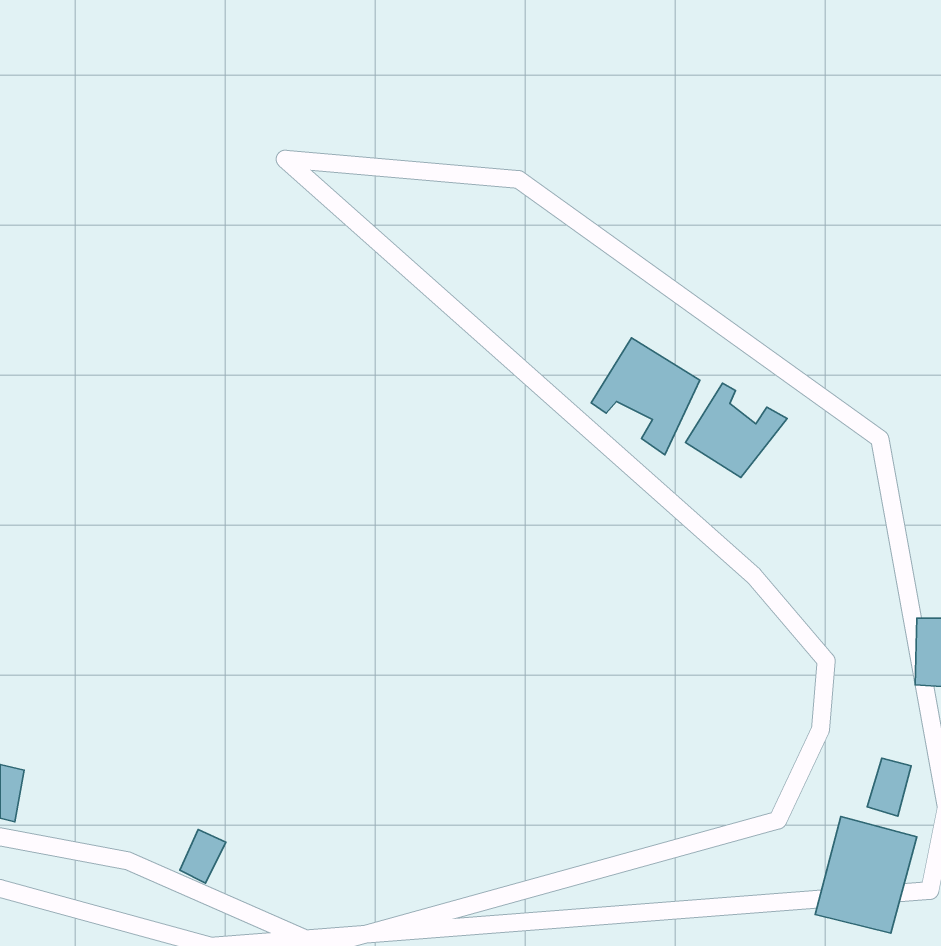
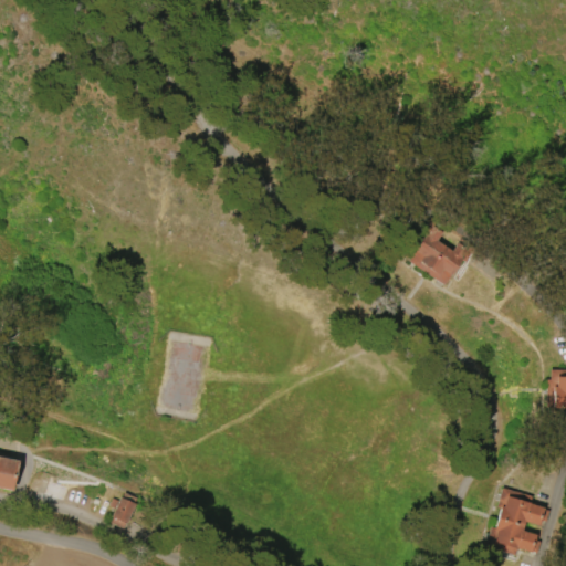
building: [591,338,700,455] -> none
building: [867,758,911,816] -> none

